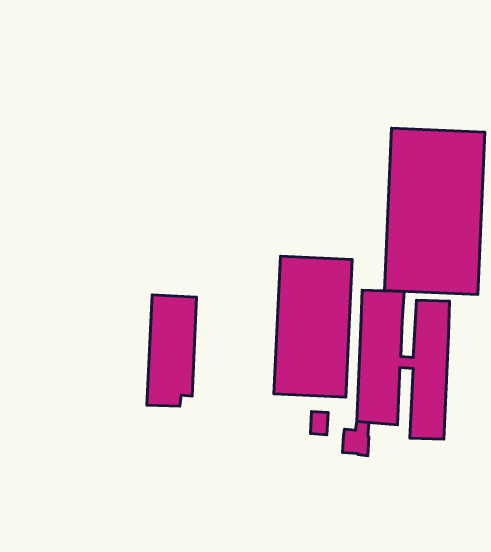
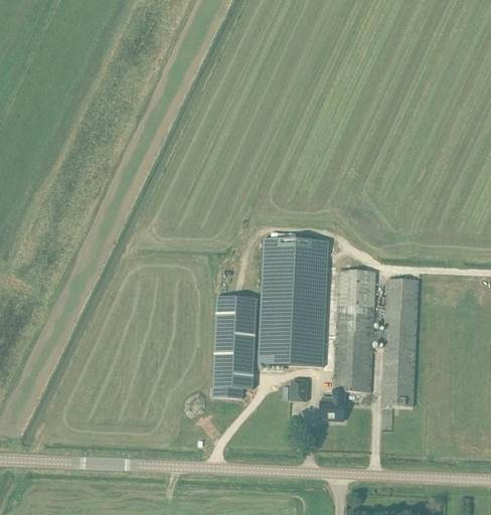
building: [385,128,485,295] -> none
building: [147,295,196,406] -> [211,295,257,396]

